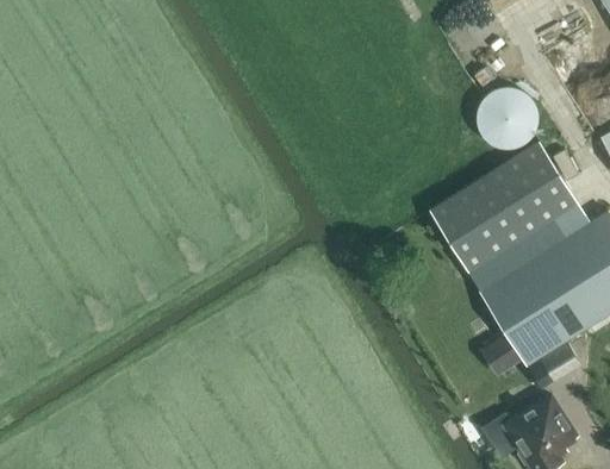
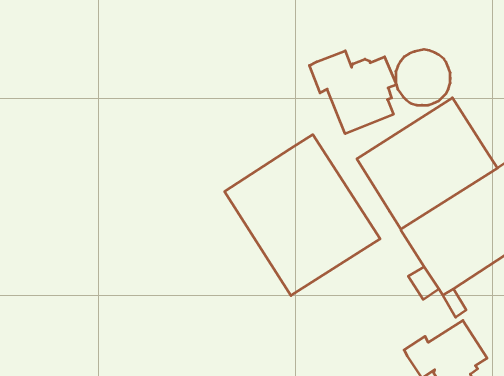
building: none -> [309,51,396,134]
building: none -> [225,135,380,296]

